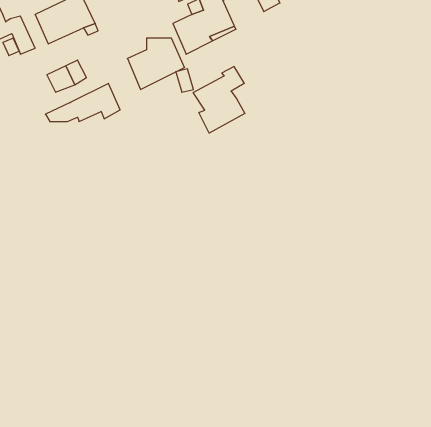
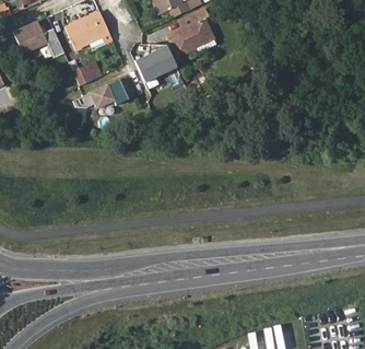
building: [193,66,245,133] -> none

